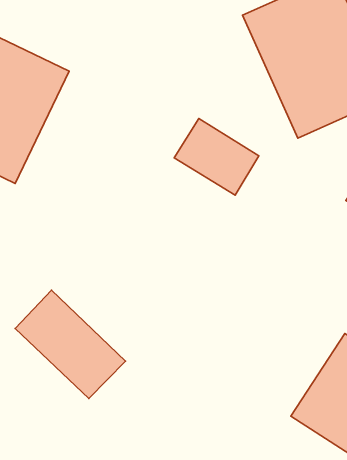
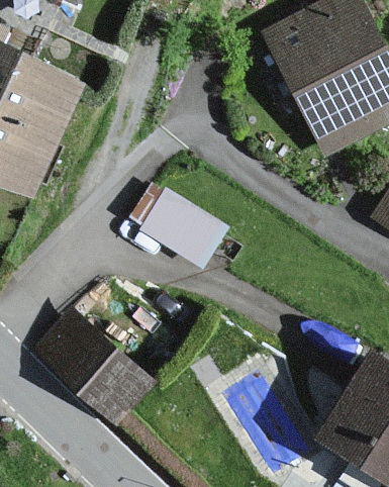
building: [174,118,259,195] -> [139,179,226,258]

